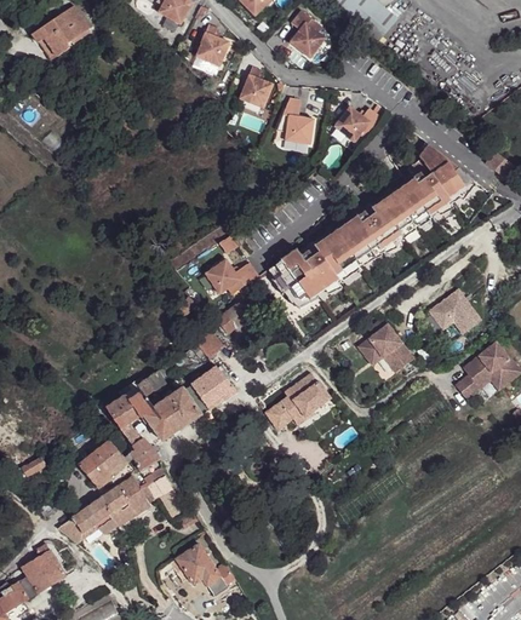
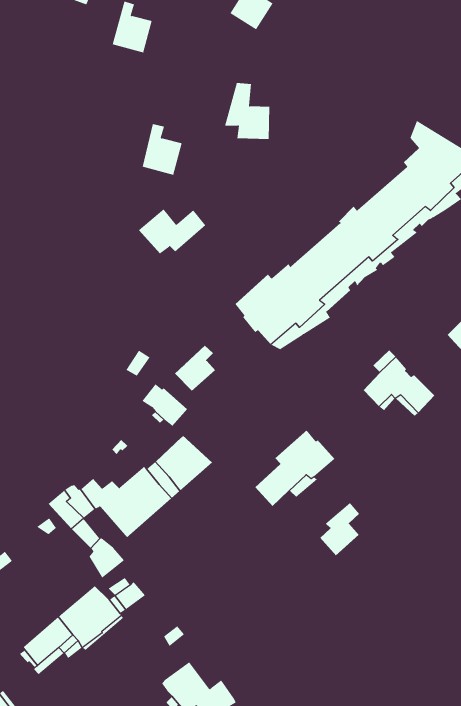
building: [240,65,274,108] -> [142,123,183,175]
building: [334,107,382,142] -> none
building: [204,258,257,293] -> [138,208,206,254]
building: none -> [319,502,360,556]
building: [78,440,127,487] -> none

